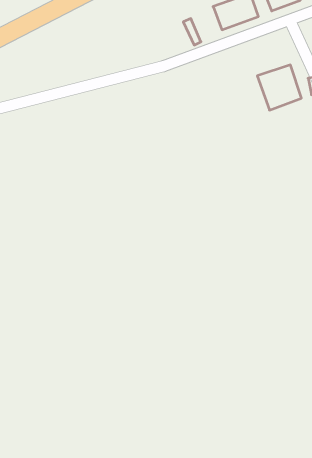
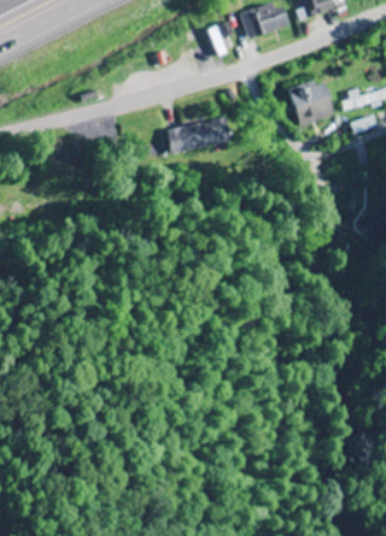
building: none -> [165,116,229,154]

